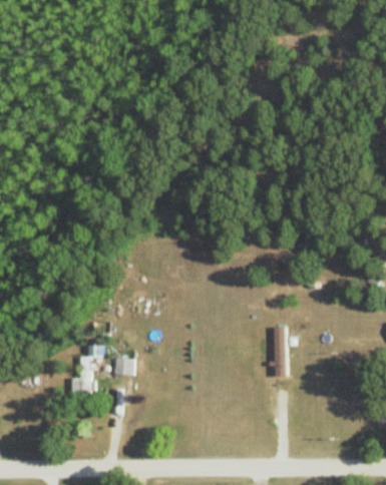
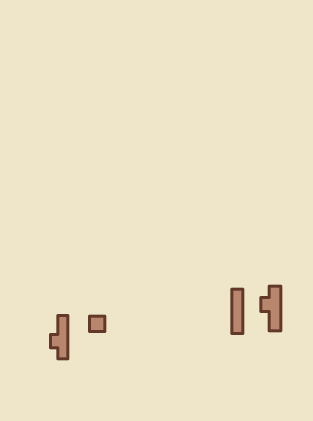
building: none -> [261,286,281,331]

